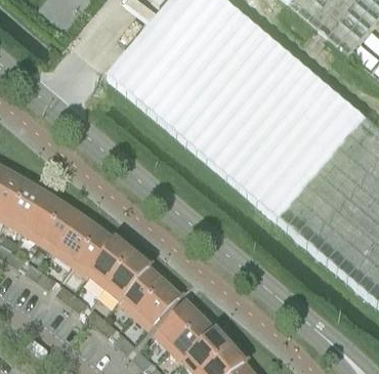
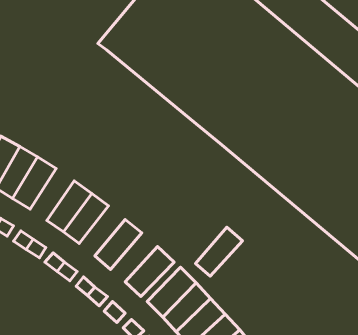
building: [39,201,82,252] -> none
building: [87,238,132,287] -> none
building: [118,264,164,313] -> [196,227,242,276]

